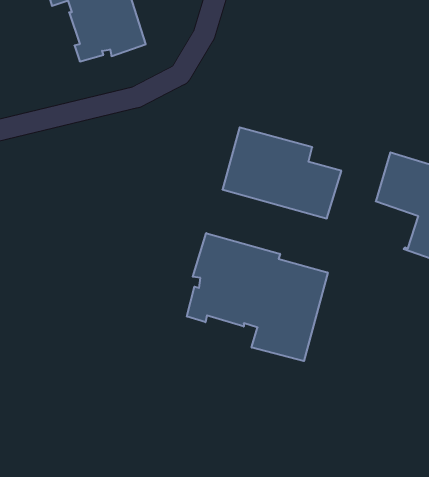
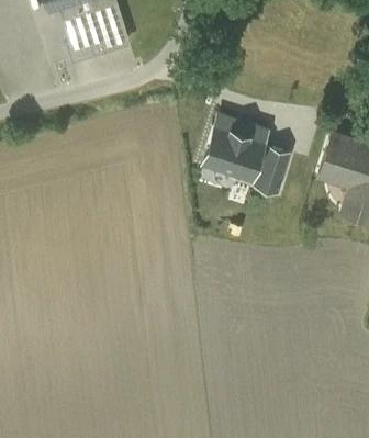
building: [187,233,328,361] -> none

